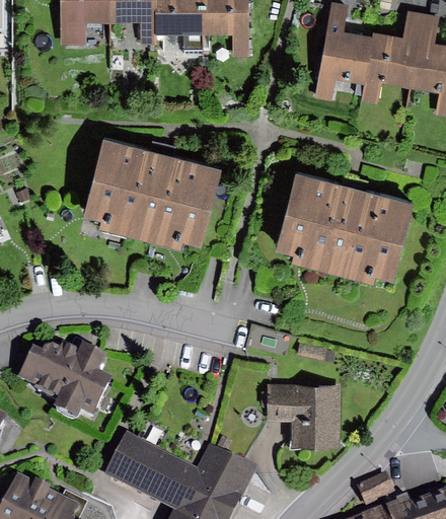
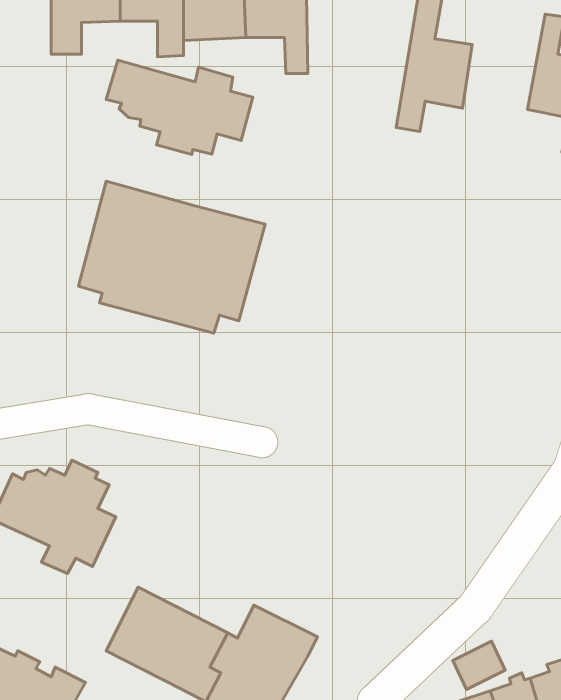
building: [360,10,425,103] -> none
building: none -> [106,60,253,154]
building: [276,168,416,281] -> none
building: [263,387,337,451] -> none

